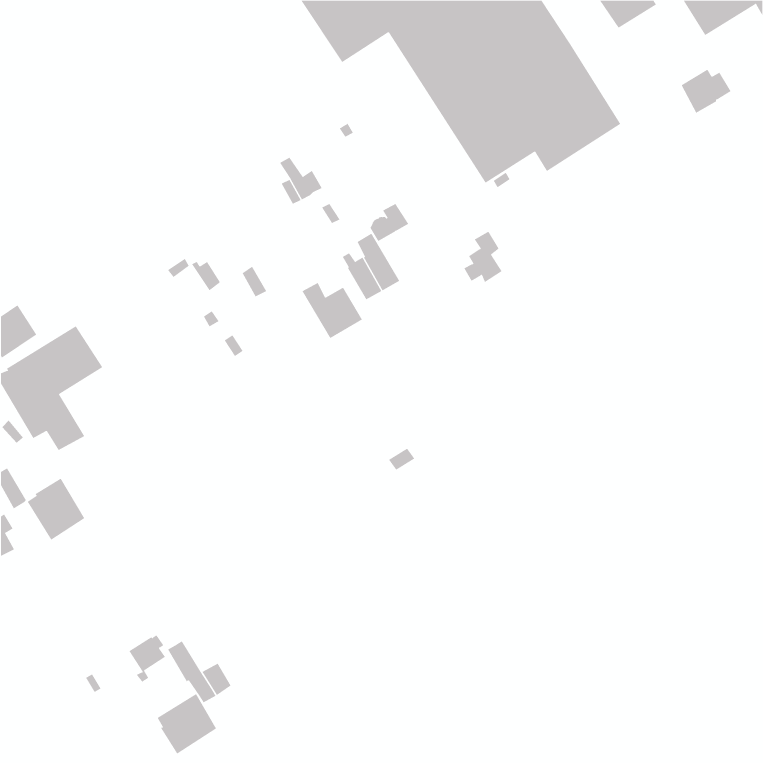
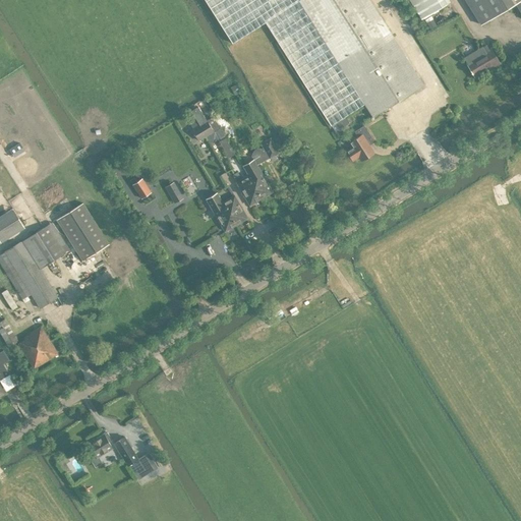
building: [464,231,502,283] -> [347,125,373,161]
building: none -> [57,202,109,260]
building: [157,693,217,754] -> none

